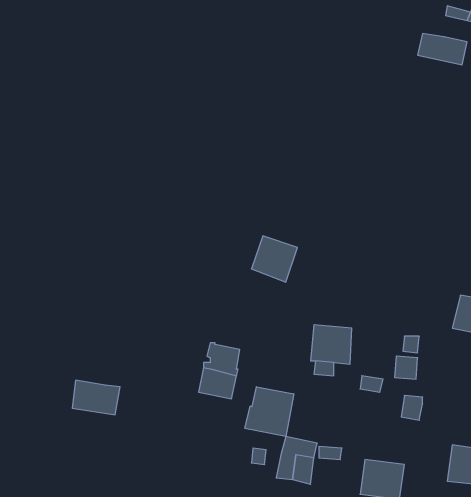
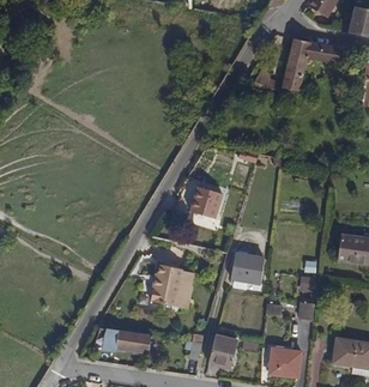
building: none -> [268,36,314,91]
building: [72,380,120,415] -> [115,329,150,355]
building: [245,387,294,437] -> none

